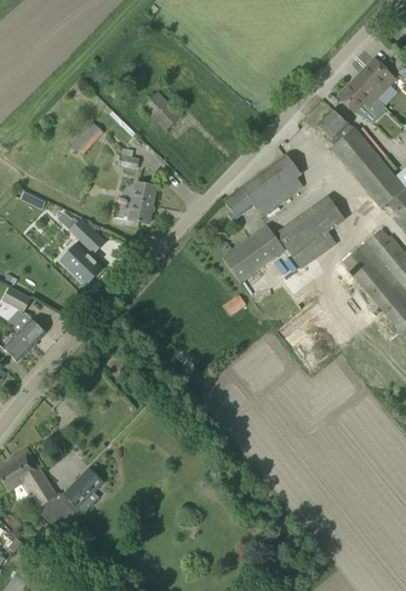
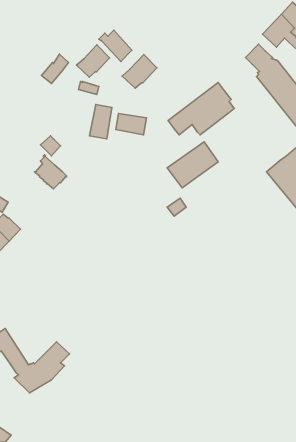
building: none -> [77,45,109,77]
building: none -> [122,55,157,88]
building: none -> [116,113,147,135]
building: [276,197,342,266] -> none

